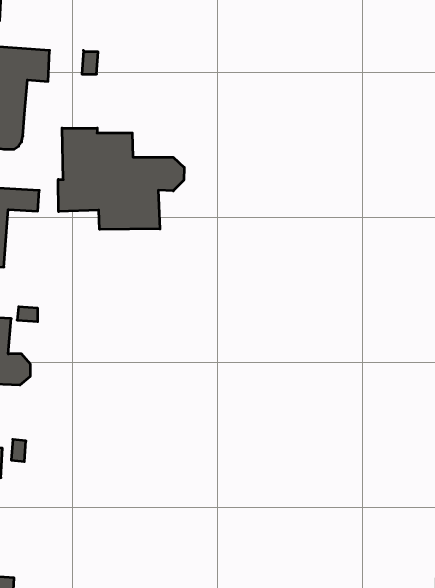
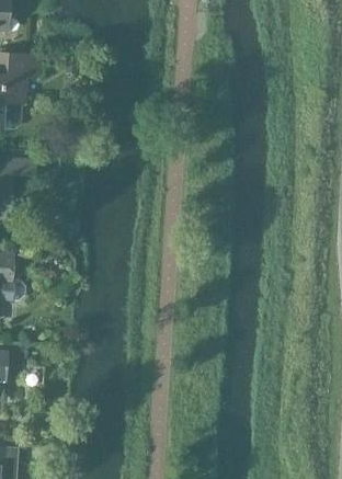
building: [58,128,184,229] -> none

